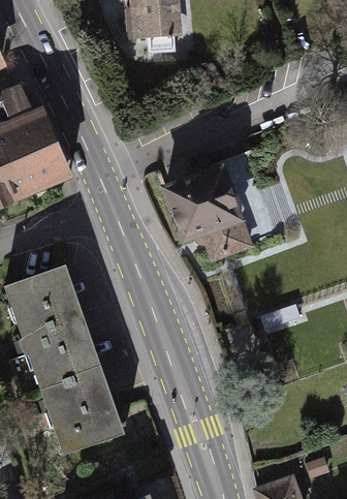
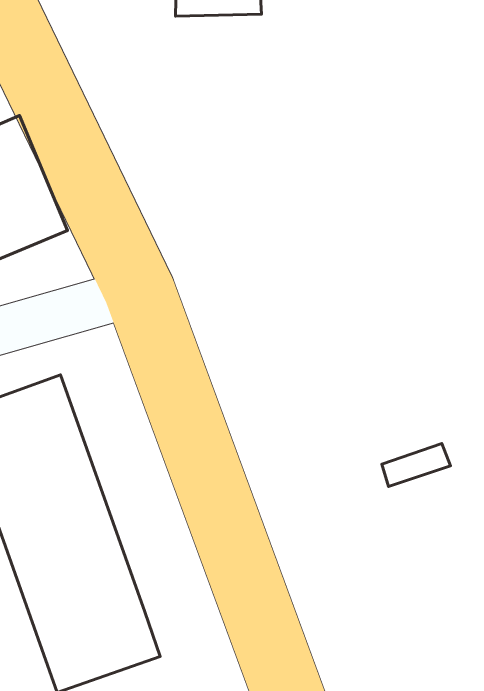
building: [162,158,273,258] -> none

